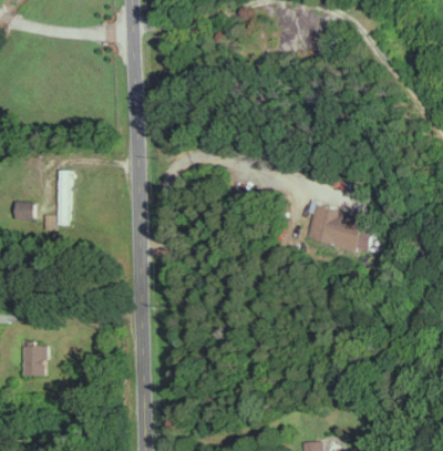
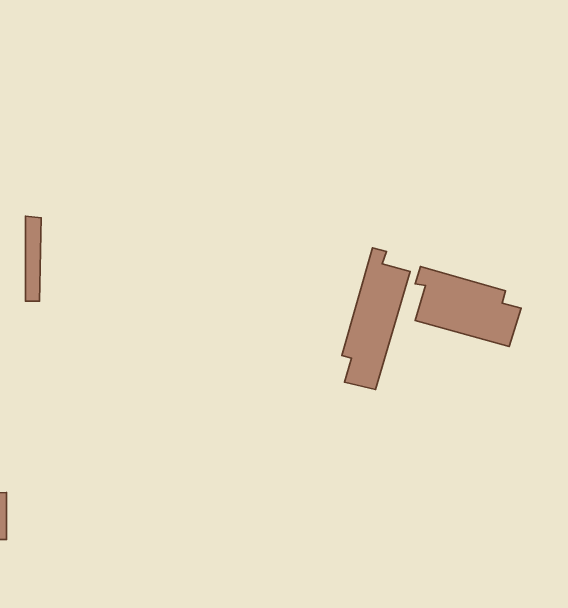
building: none -> [342,248,410,390]

